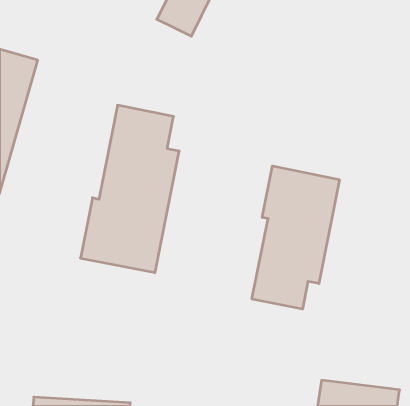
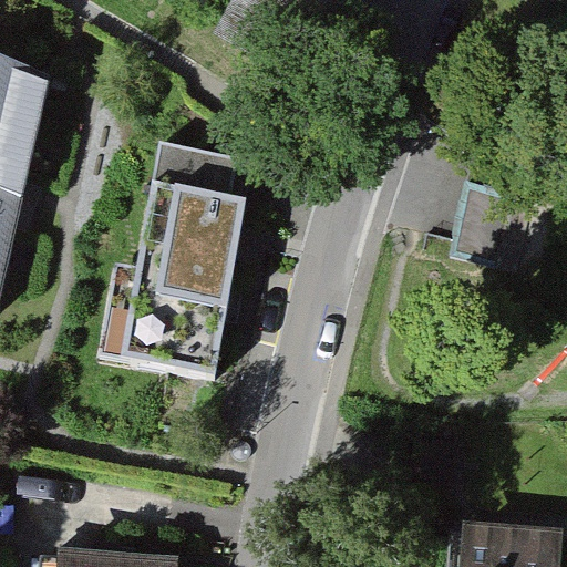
building: [252,166,339,309] -> none

